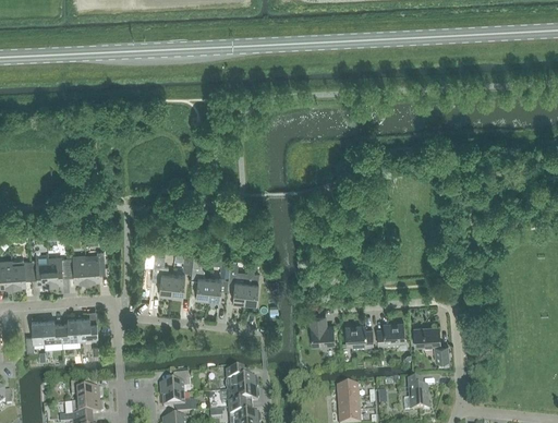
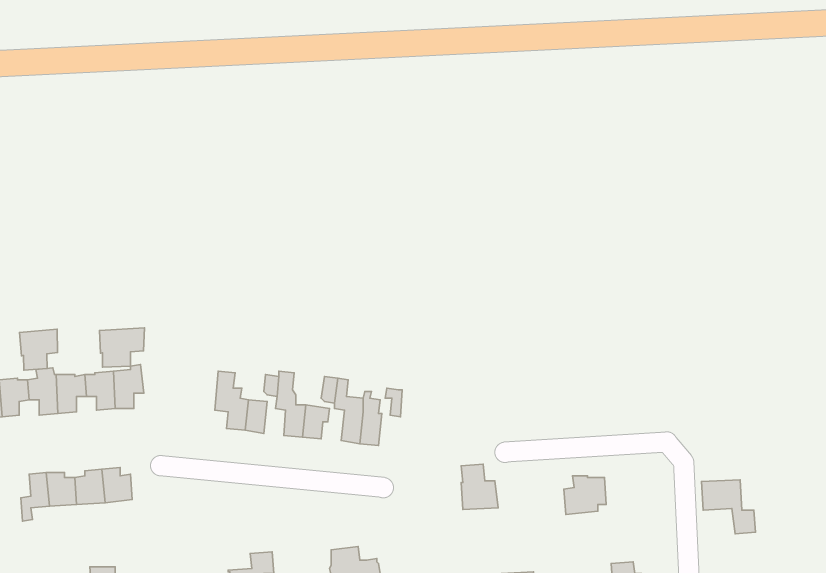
building: none -> [99,328,144,367]
building: none -> [20,329,57,370]
building: [344,325,374,349] -> none
building: [414,326,449,361] -> [701,480,755,534]

